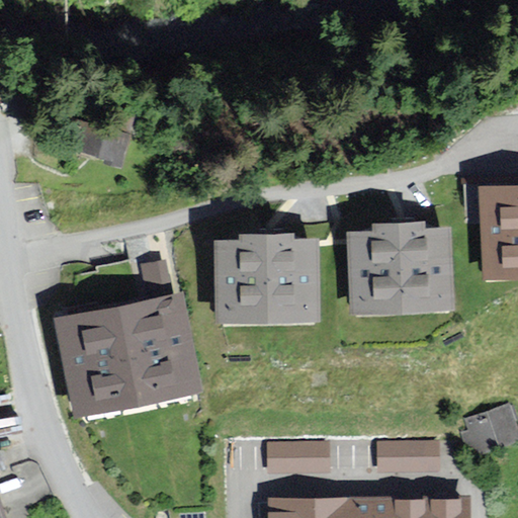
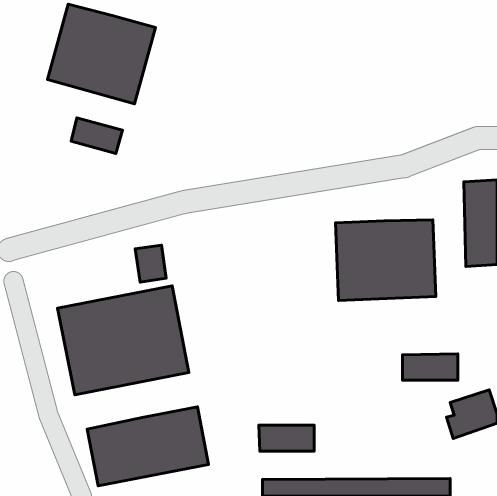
building: none -> [47,4,156,104]
building: [217,240,315,321] -> none
building: none -> [87,407,209,486]
building: [379,441,437,468] -> [402,354,458,380]

